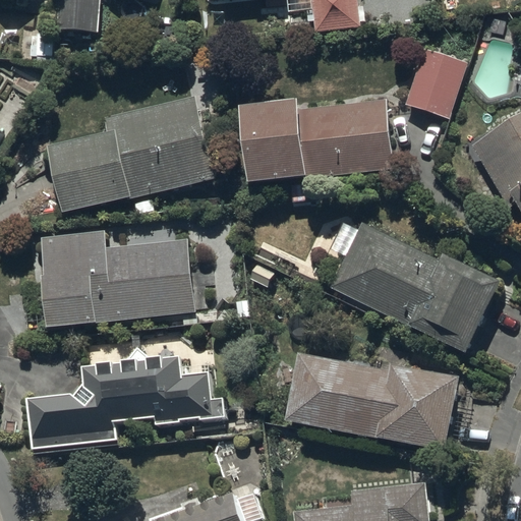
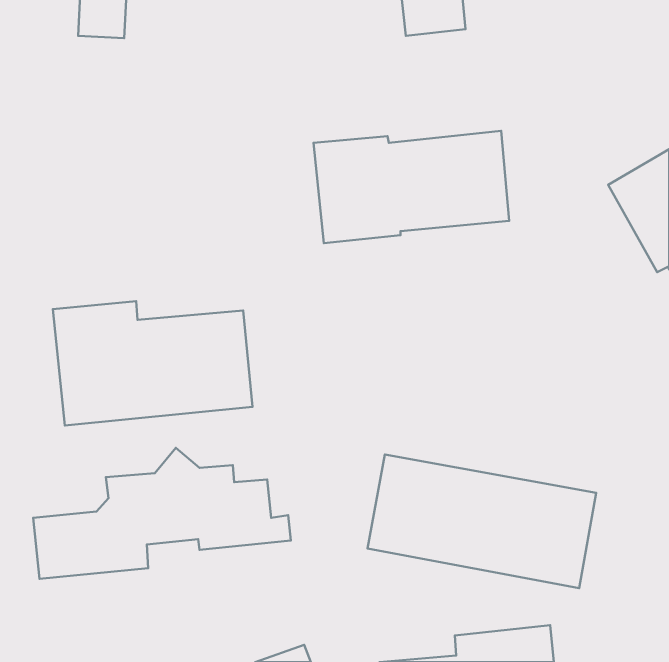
building: [403,46,466,115] -> none
building: [48,97,213,214] -> none
building: [327,219,499,355] -> none

